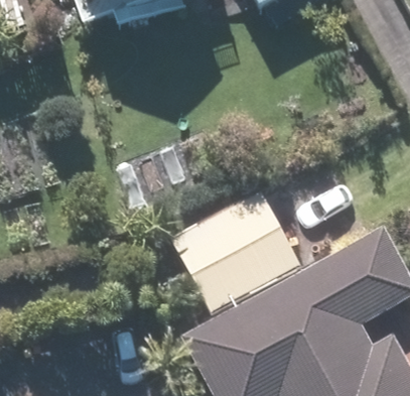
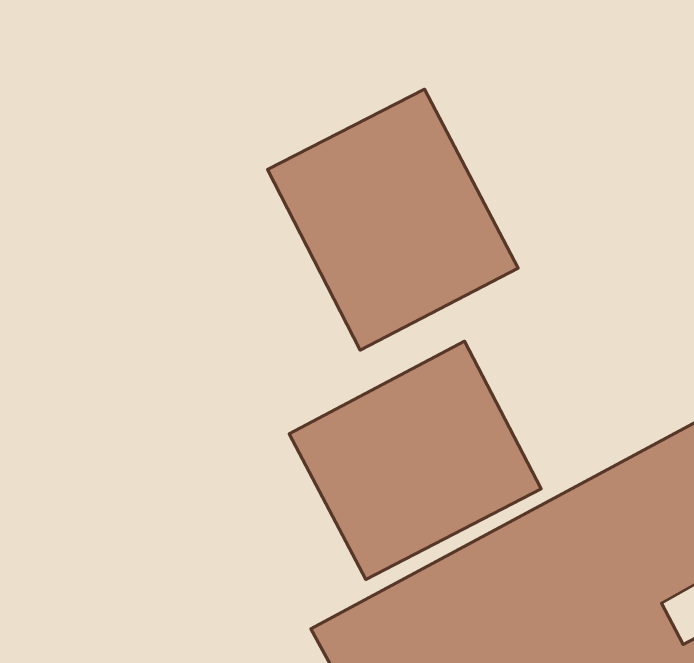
building: none -> [268,89,518,350]

